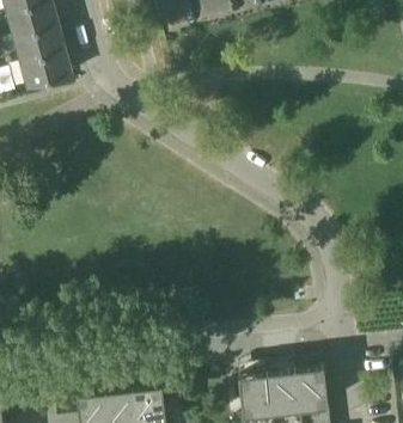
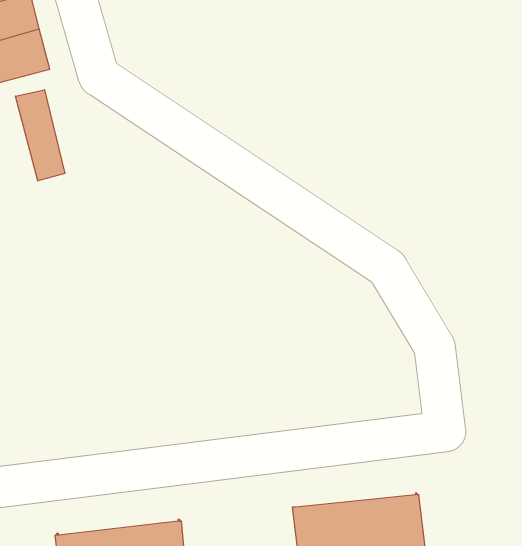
building: none -> [16,90,65,181]

